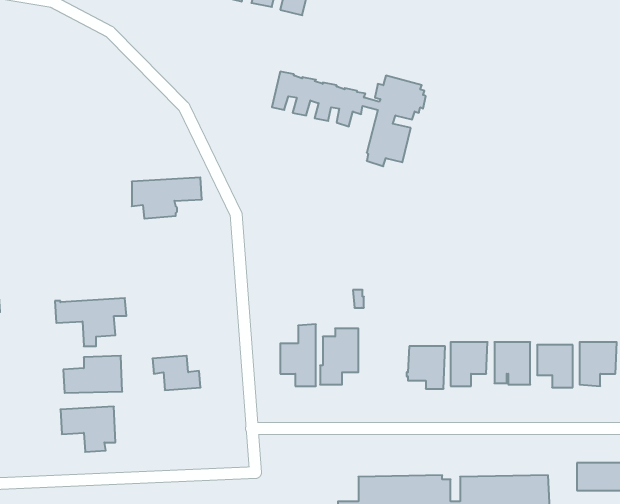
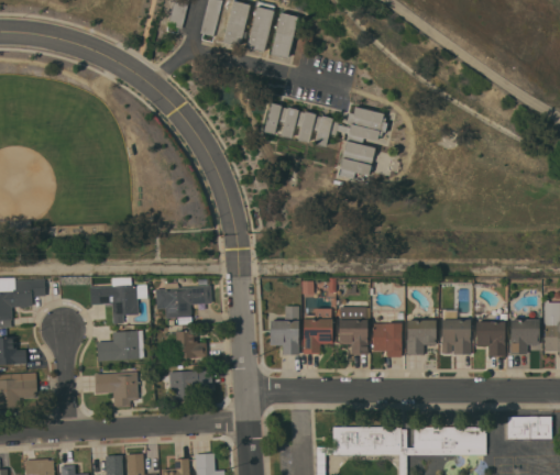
building: [132,177,202,219] -> [155,286,211,319]
building: none -> [337,307,370,356]
building: none -> [161,372,212,401]

